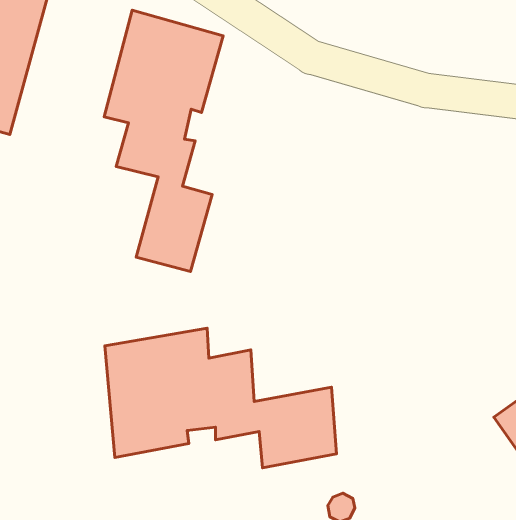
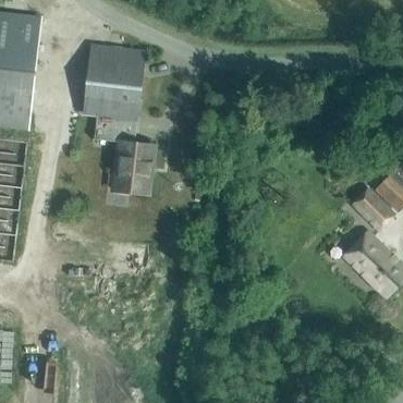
building: [105,328,336,468] -> none

